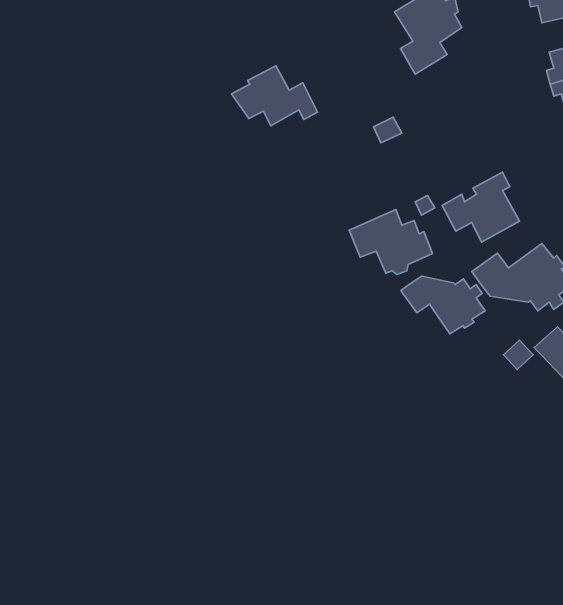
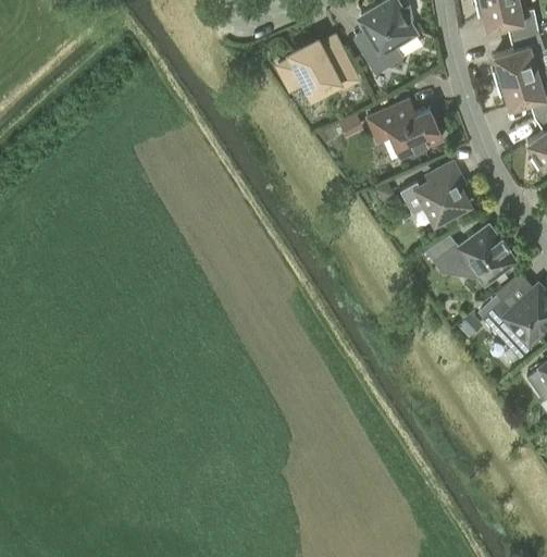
building: [232,66,317,126] -> [278,40,355,94]
building: [349,209,433,274] -> [369,99,443,157]
building: [401,276,485,334] -> none

